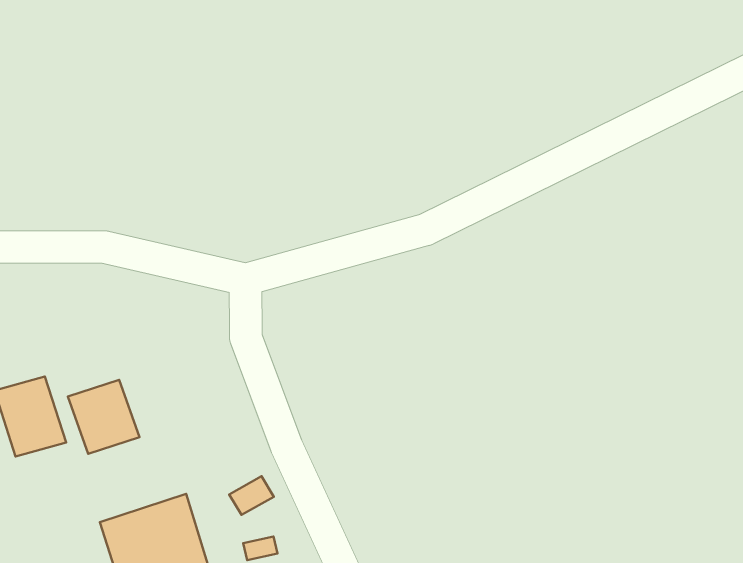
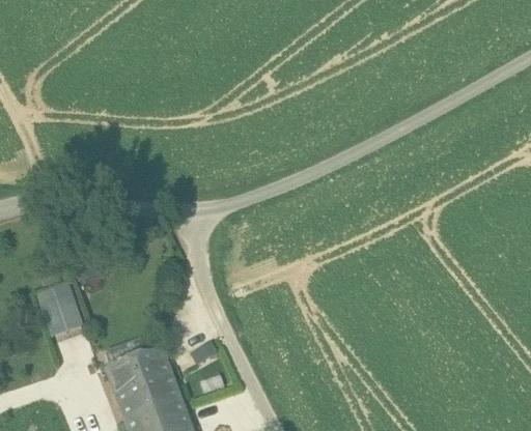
building: [68,380,140,454] -> none

